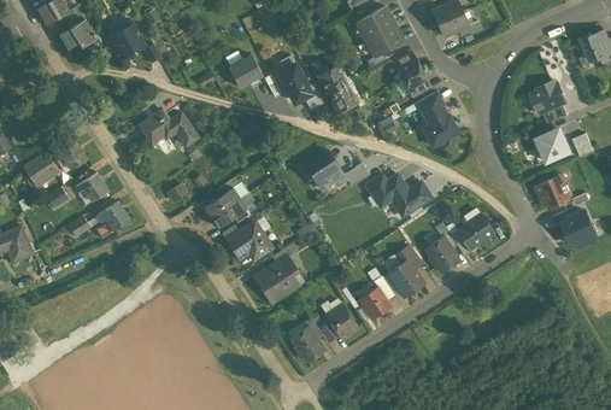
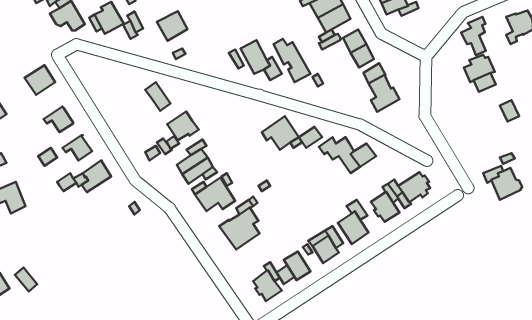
building: none -> [461,17,486,55]
building: [228,54,263,88] -> [157,11,188,41]
building: [140,110,176,142] -> [167,112,199,140]
building: [536,127,570,162] -> none
building: [23,152,58,186] -> [24,65,55,95]
building: [536,176,571,209] -> none

